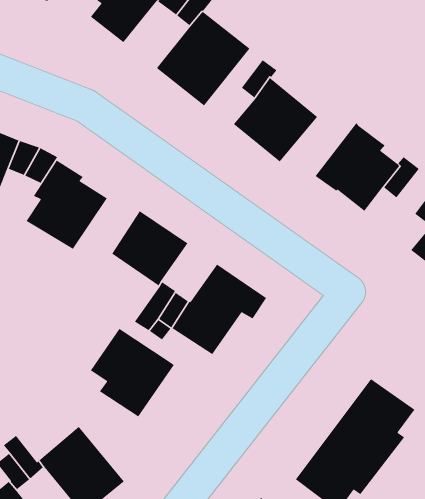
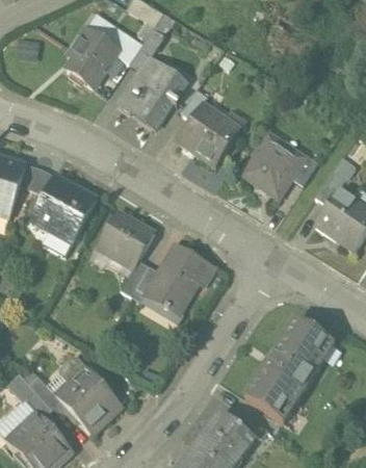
building: [90,328,175,418] -> none

